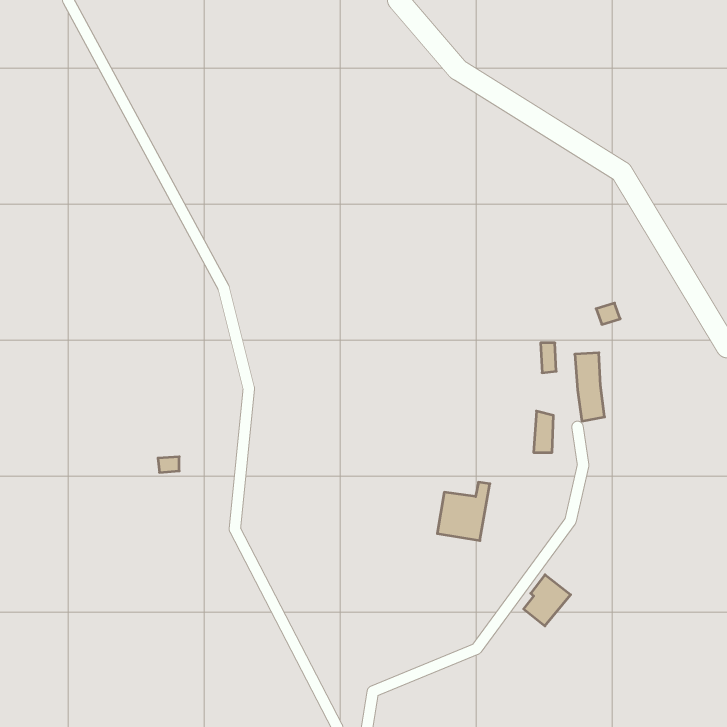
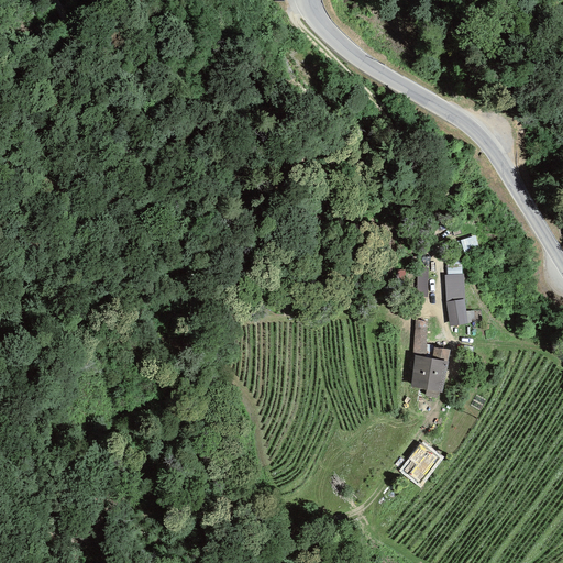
building: [437,482,490,541] -> [409,346,450,391]

